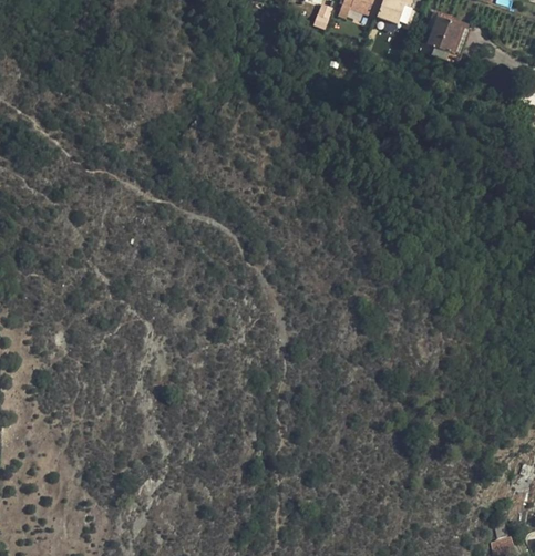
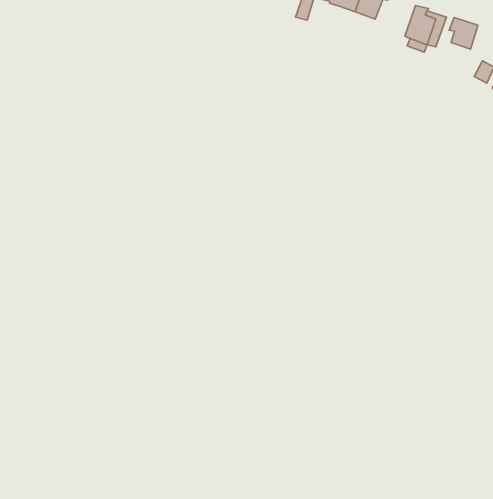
building: none -> [449,17,478,49]

